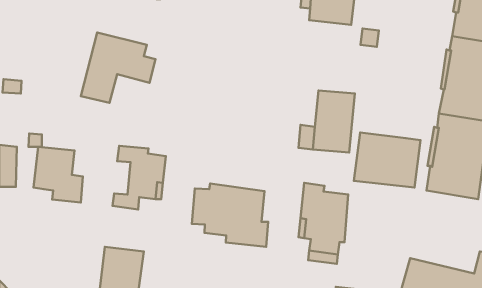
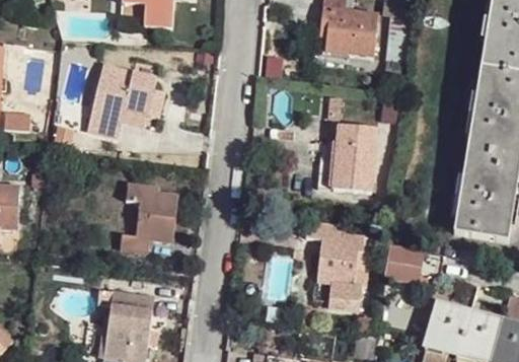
building: [354,133,420,187] -> none
building: [33,147,83,203] -> none
building: [192,184,268,247] -> none
building: none -> [385,252,424,289]

